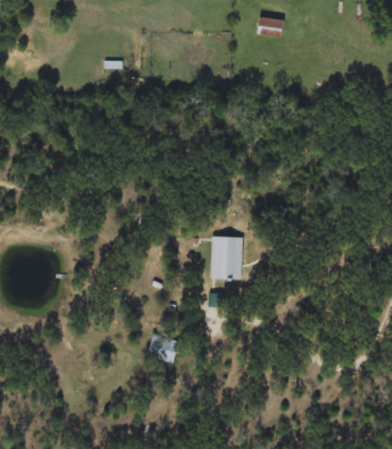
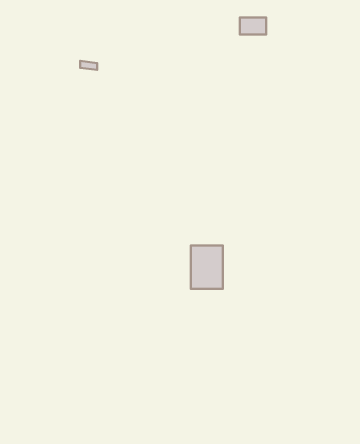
building: [151,338,175,359] -> none

